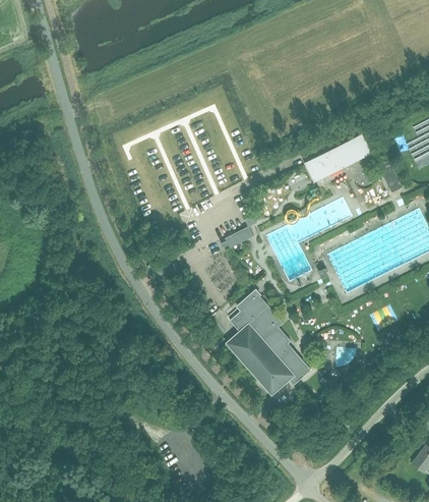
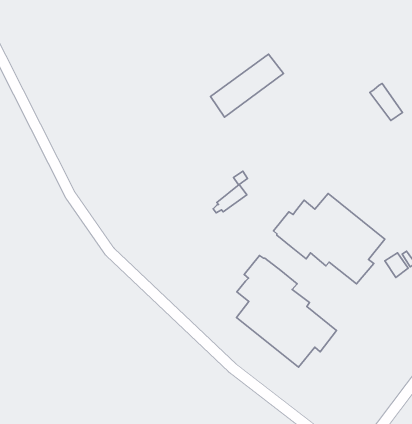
building: [304,133,371,182] -> [211,54,283,117]
building: none -> [274,194,385,284]

